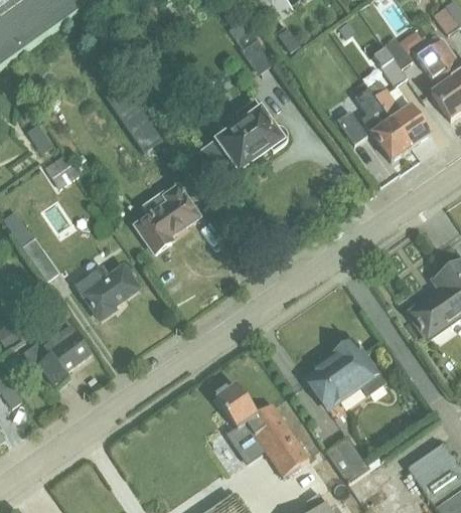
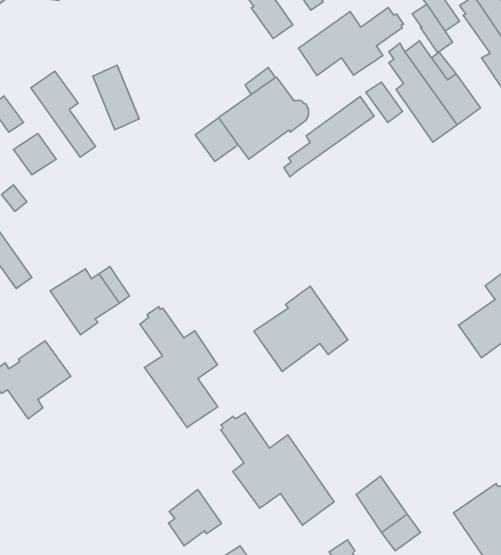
building: none -> [299,8,404,75]
building: none -> [31,71,96,157]
building: none -> [284,97,374,177]
building: [134,185,196,252] -> none
building: none -> [140,307,218,427]
building: [306,339,383,409] -> [254,286,348,372]
building: none -> [169,490,221,546]

